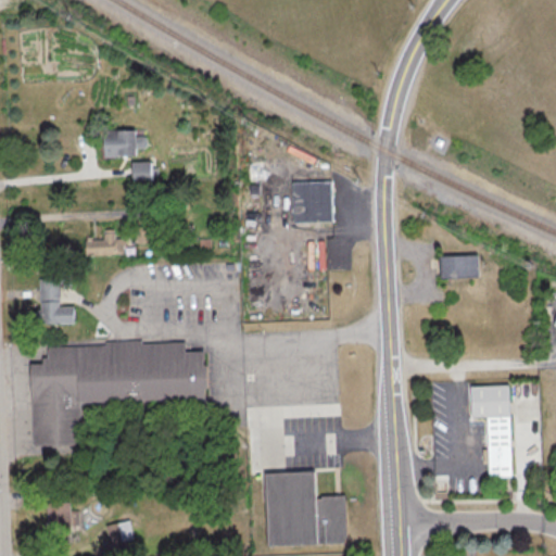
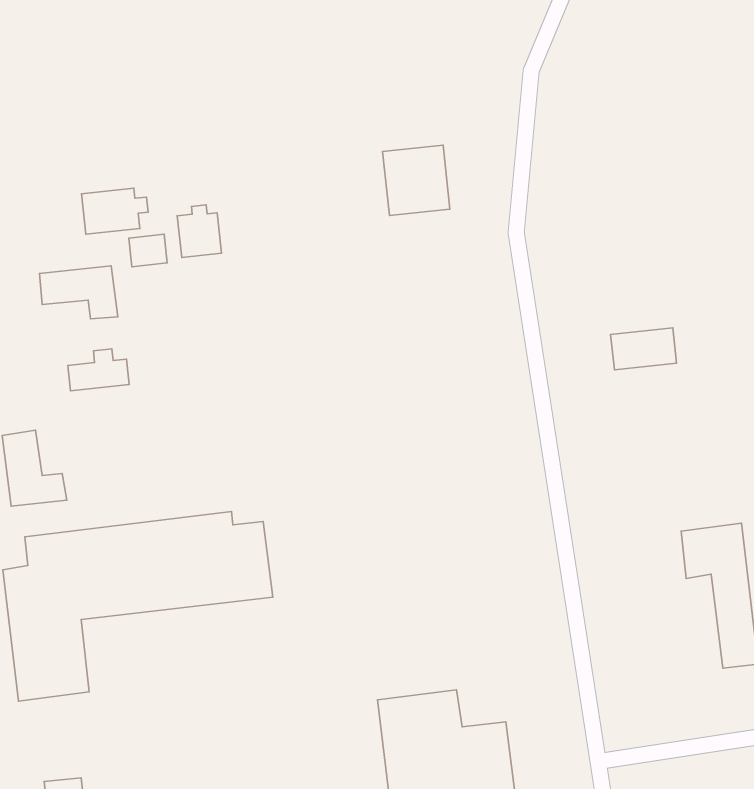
building: none -> [177,205,222,258]
building: none -> [40,266,118,319]
building: [291,180,330,222] -> [383,145,450,216]

